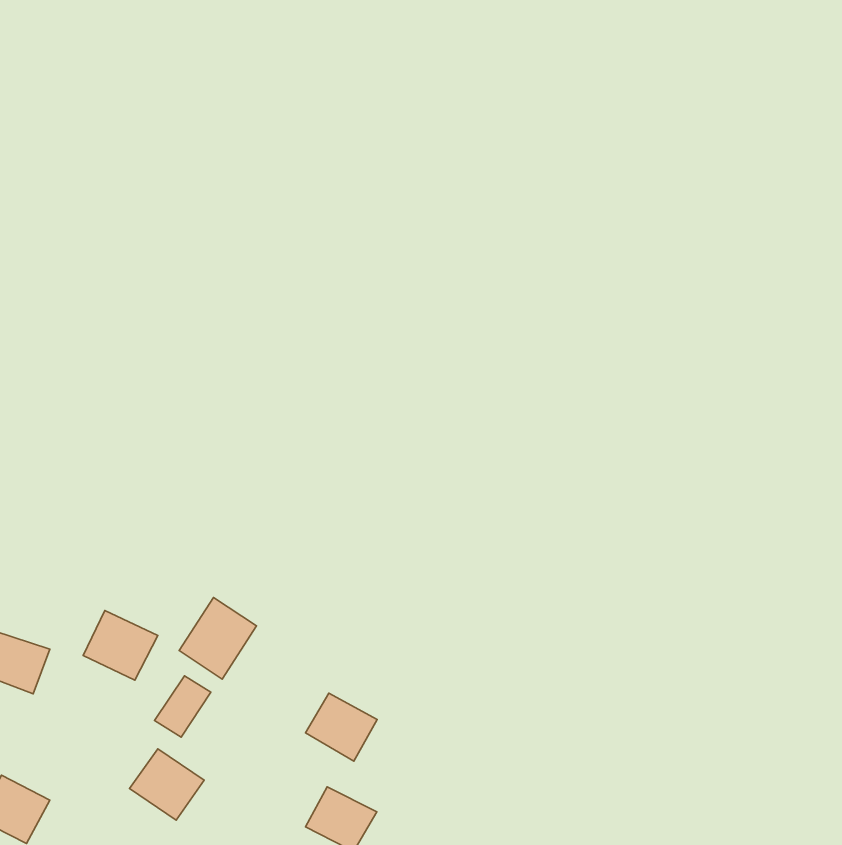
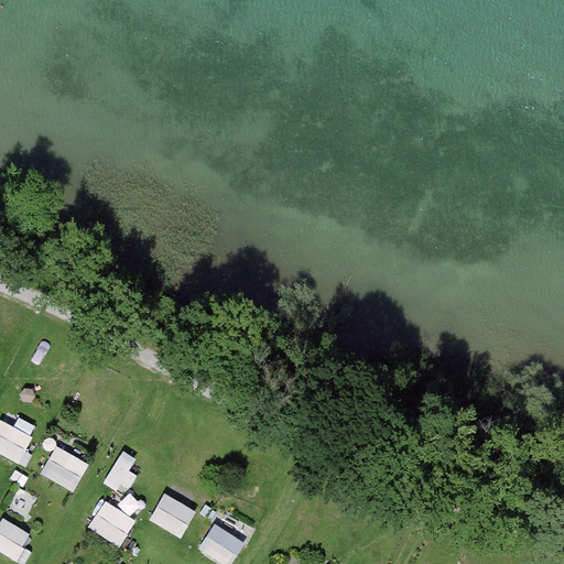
building: [179,597,256,679] -> none
building: [83,611,158,680] -> [39,445,88,491]
building: [306,693,377,761] -> [148,492,195,538]

